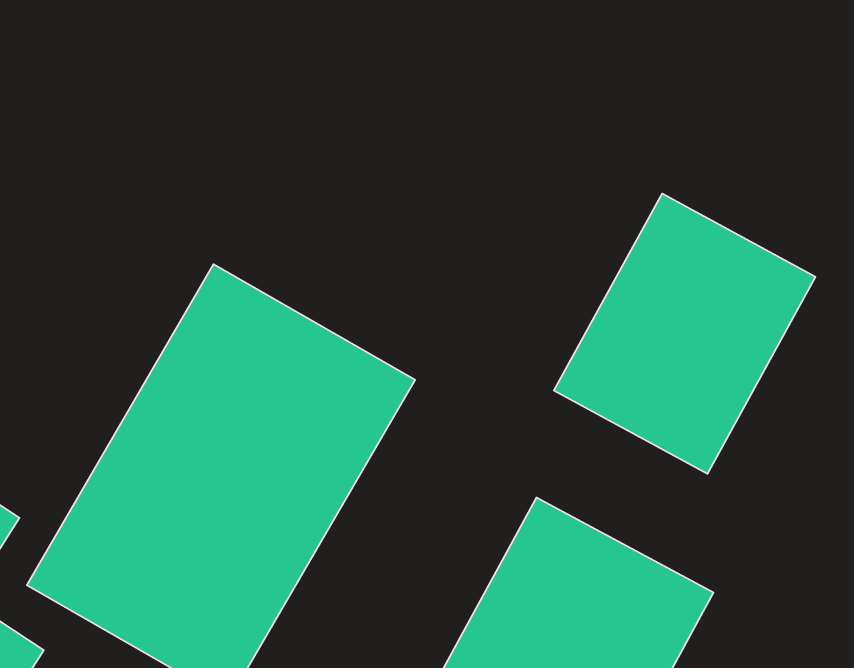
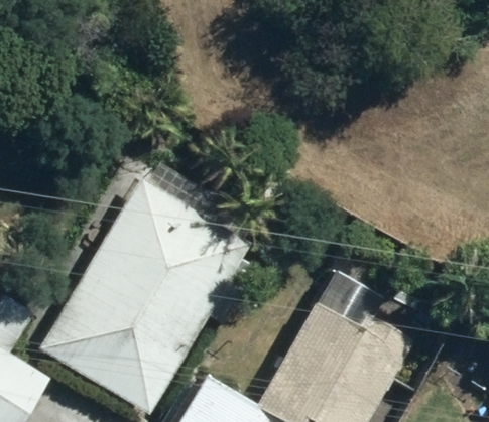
building: [554,193,816,474] -> none

